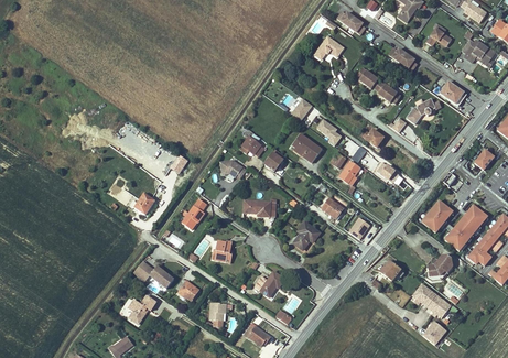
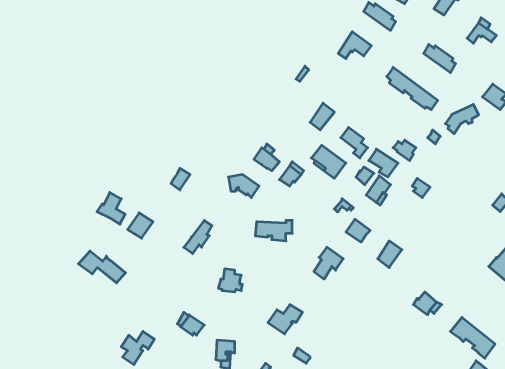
building: [422,200,452,232] -> none
building: [426,254,453,281] -> none
building: [133,262,174,290] -> [78,251,126,283]

